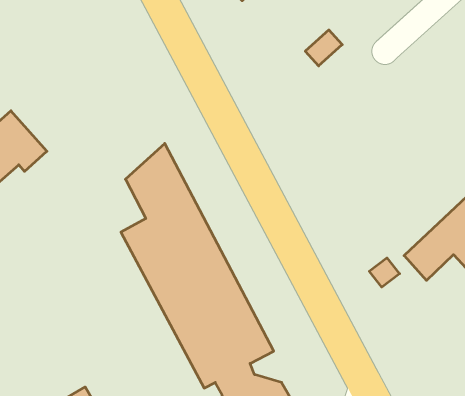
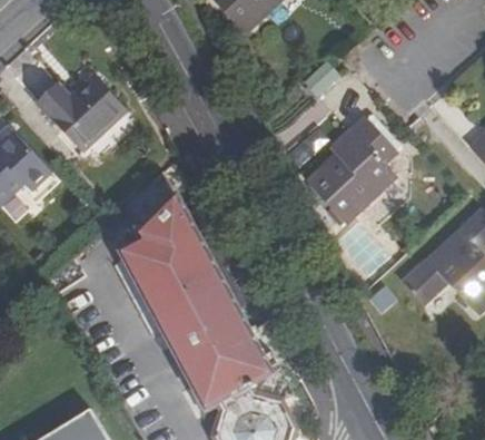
building: none -> [37,85,123,159]
building: none -> [308,114,397,221]

